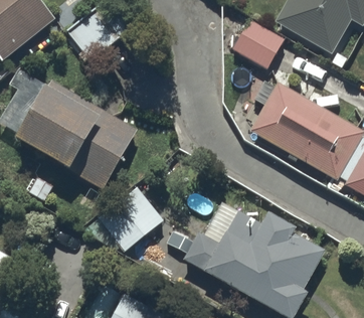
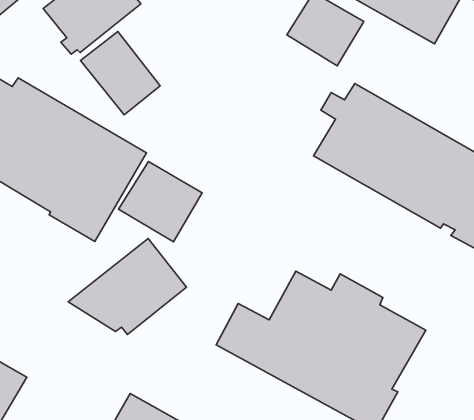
building: none -> [80,31,160,115]
building: none -> [119,162,202,242]

